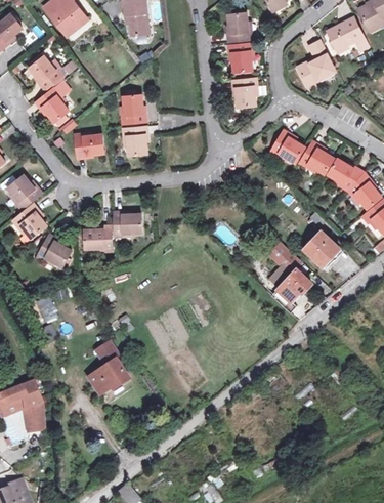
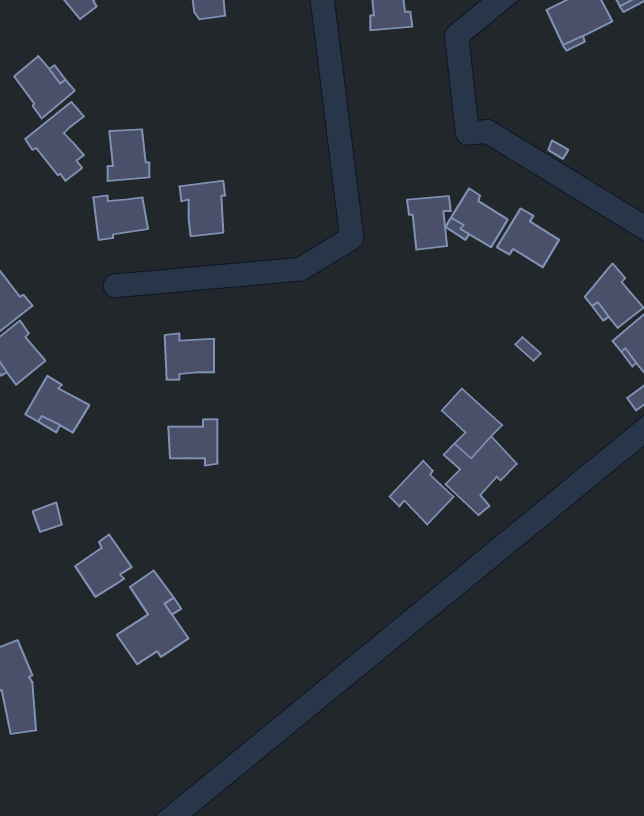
building: [298,40,335,86] -> none
building: [228,44,252,73] -> none
building: [232,78,257,108] -> [407,196,451,250]
building: [122,95,145,124] -> [107,129,150,181]
building: [328,160,364,191] -> none
building: [84,226,112,252] -> [168,420,218,465]
building: [303,230,339,266] -> none
building: none -> [390,461,454,525]
building: none -> [75,534,132,597]

